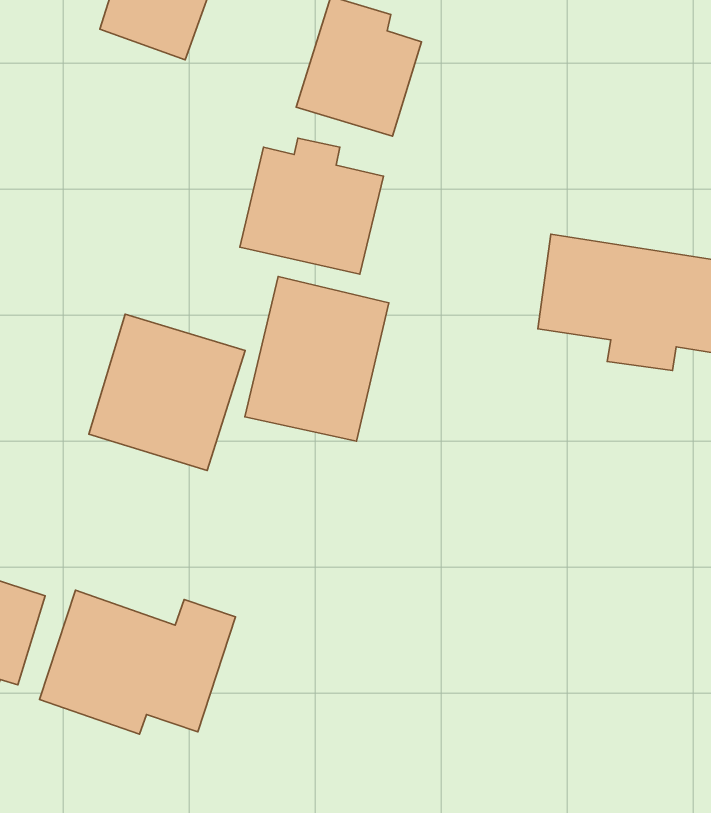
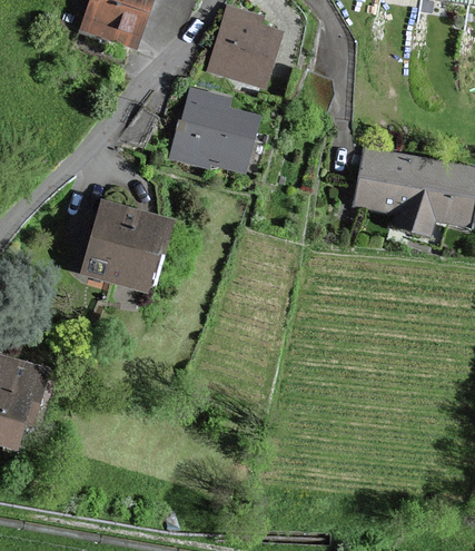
building: [245,277,389,441] -> none
building: [40,590,235,734] -> none

